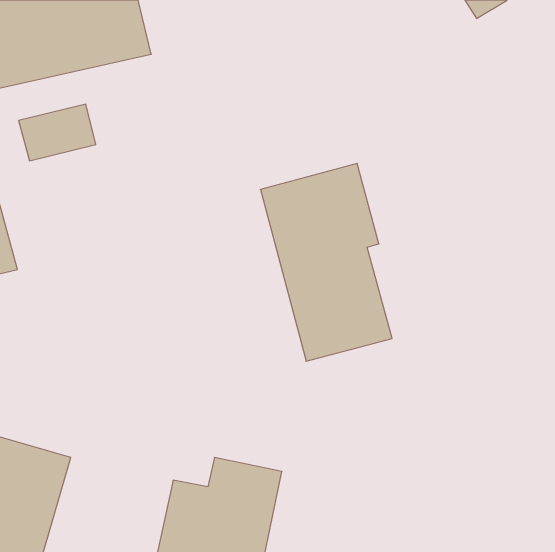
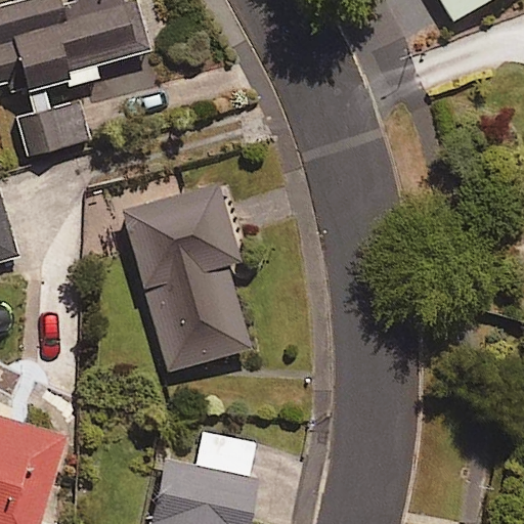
building: [260,163,392,361] -> [126,183,250,369]

